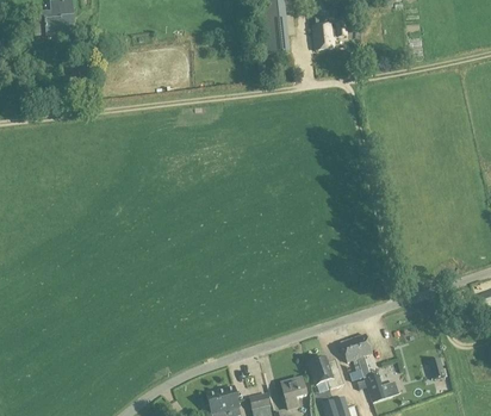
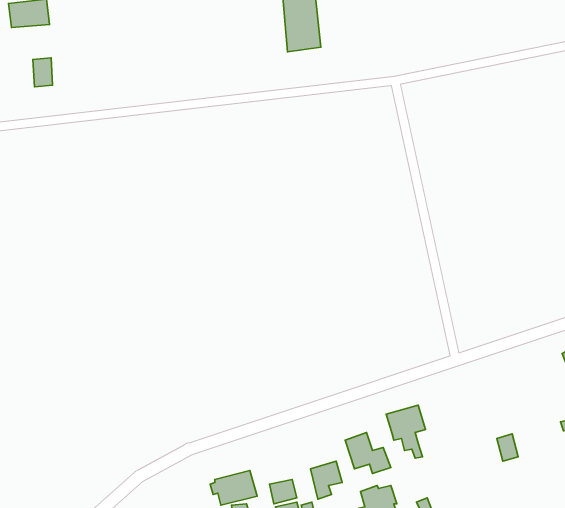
building: [313,21,347,49] -> none
building: [363,371,393,402] -> none

